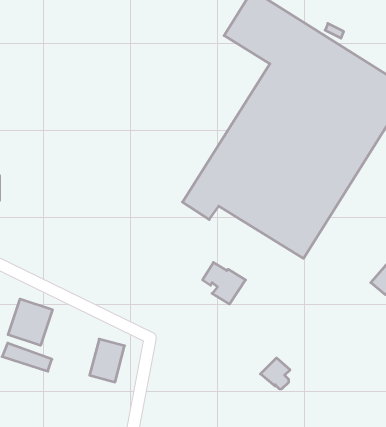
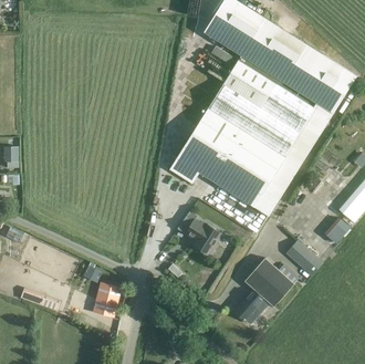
building: none -> [285,239,316,271]
building: [8,299,52,345] -> none
building: none -> [243,258,293,306]

